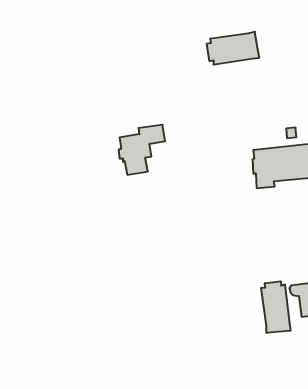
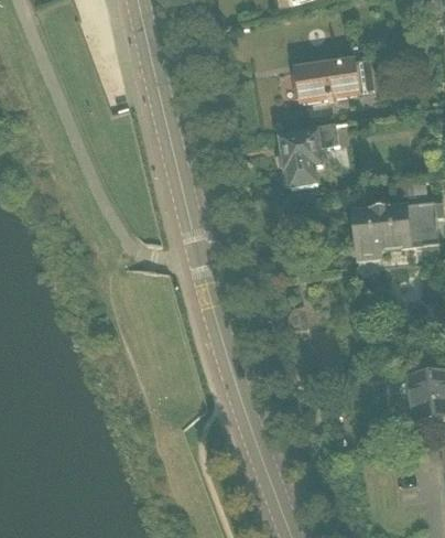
building: [119,125,165,175] -> [280,120,339,184]
building: [261,281,291,333] -> none

